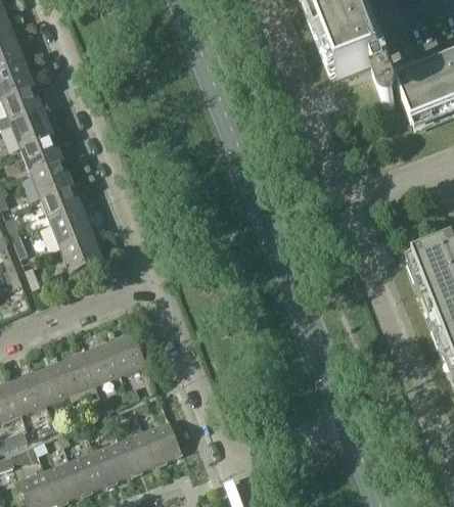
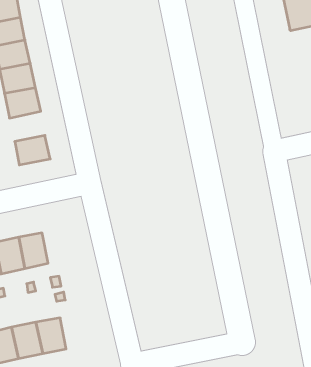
building: [51,211,93,248] -> none
building: [108,332,146,374] -> none
building: [144,421,182,464] -> none

